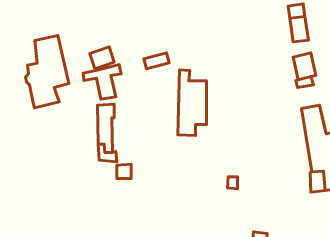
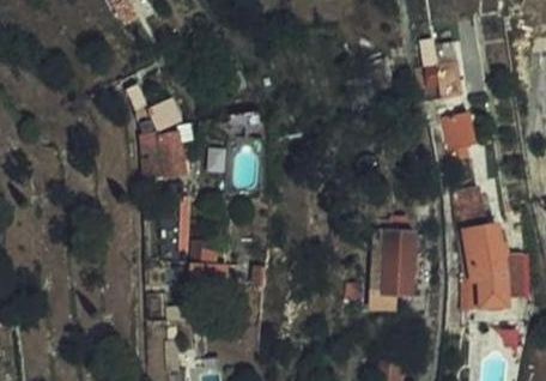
building: [25,36,69,108] -> none
building: [178,70,207,136] -> [375,218,415,312]

